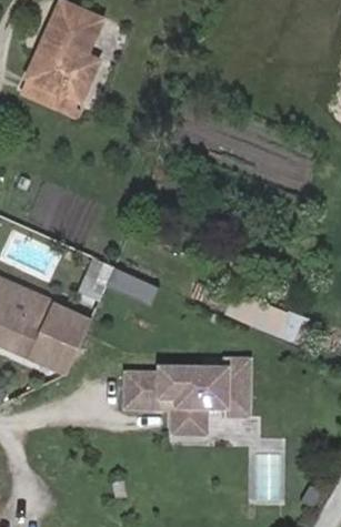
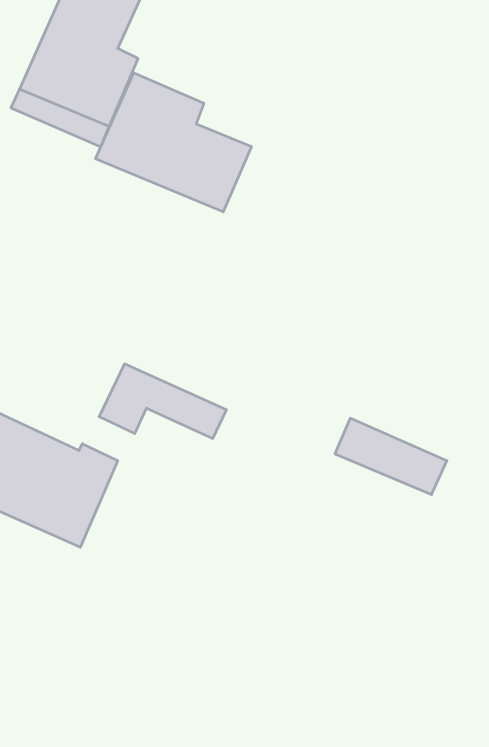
building: none -> [96,73,251,212]
building: [121,364,253,440] -> none

